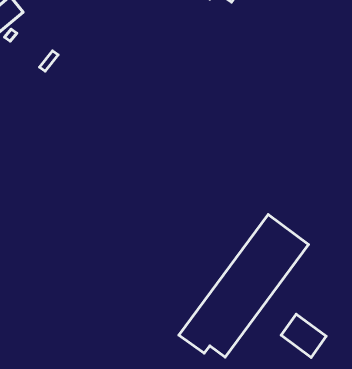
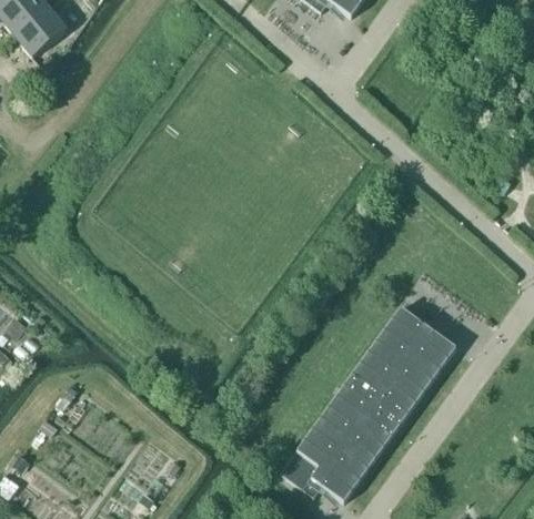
building: [281,314,326,357] -> none

